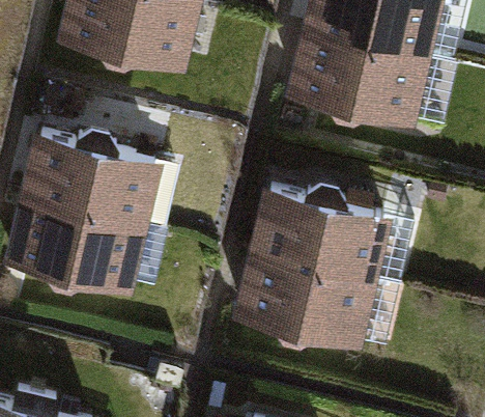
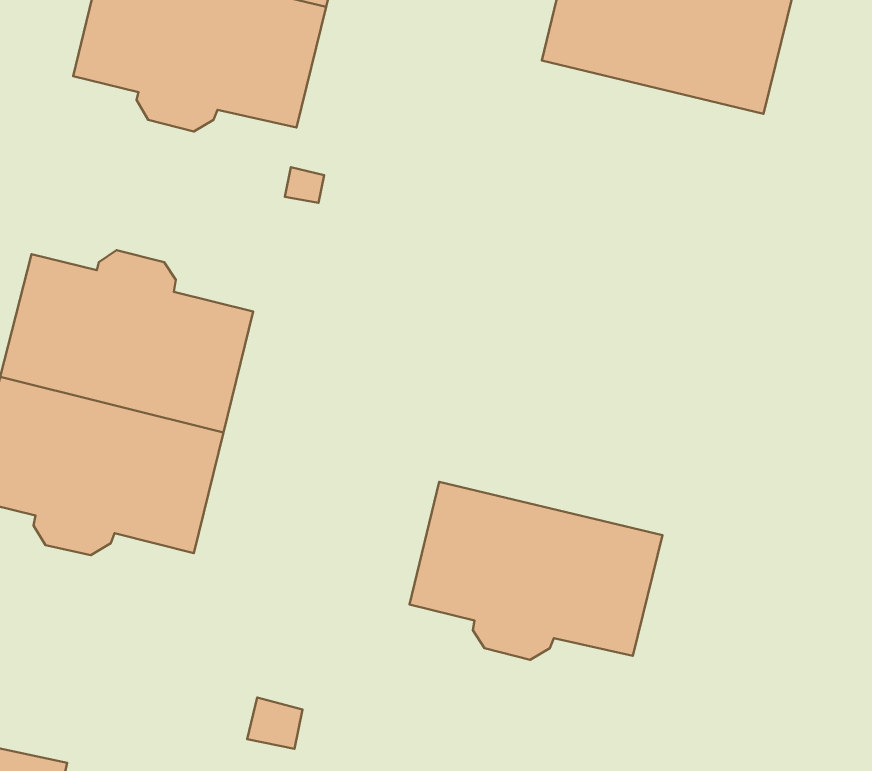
building: [292,33,424,127] -> none
building: [254,187,387,282] -> none

